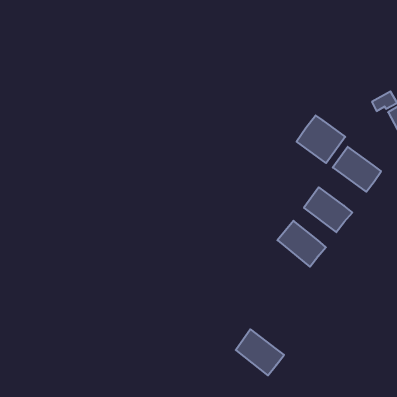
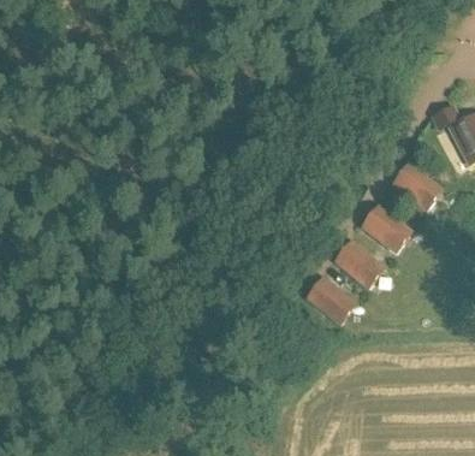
building: [297,115,345,163] -> none
building: [236,329,284,375] -> [307,276,357,324]

